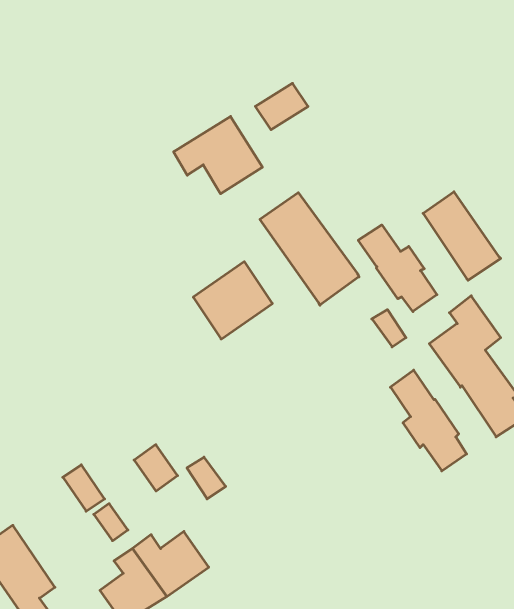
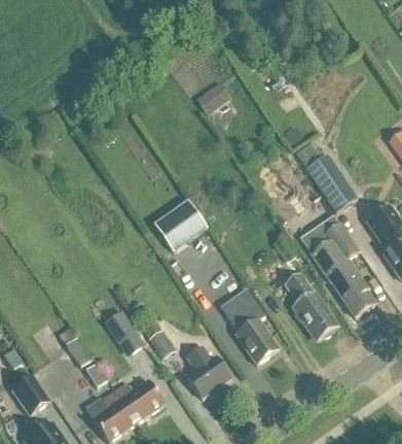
building: [174,116,262,194] -> none
building: [260,193,359,305] -> none
building: [358,225,437,312] -> none
building: none -> [220,286,278,363]
building: none -> [185,344,229,397]

